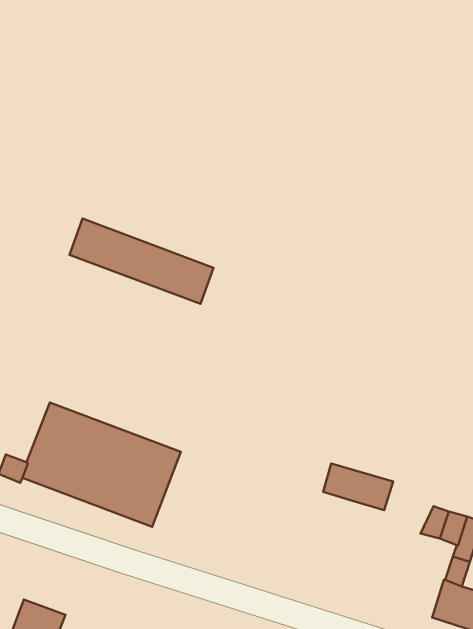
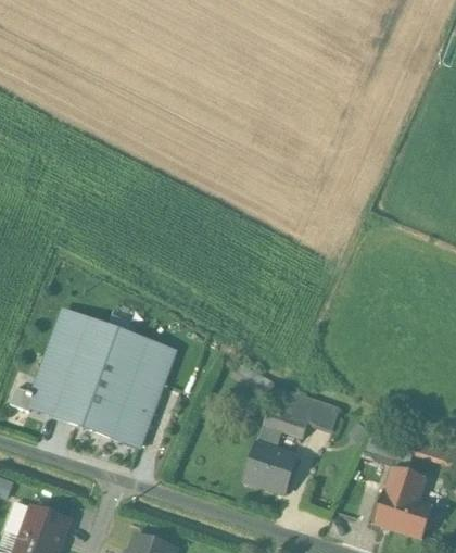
building: [70,219,213,304] -> [53,311,174,382]
building: none -> [244,411,304,494]

